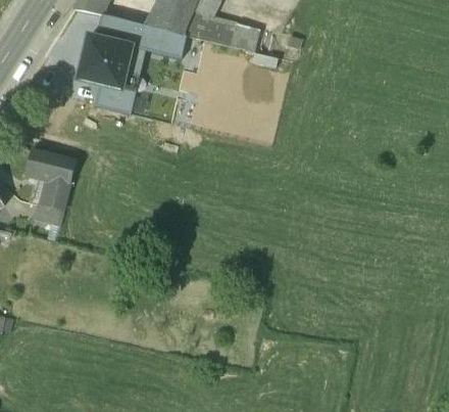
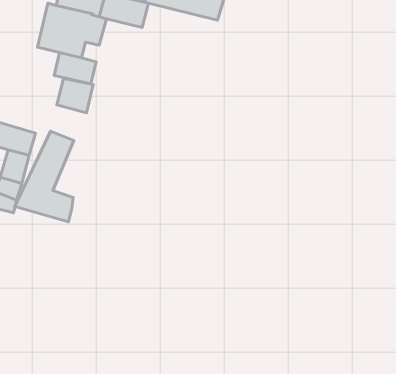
building: none -> [57,78,93,113]
building: none -> [15,131,74,222]

